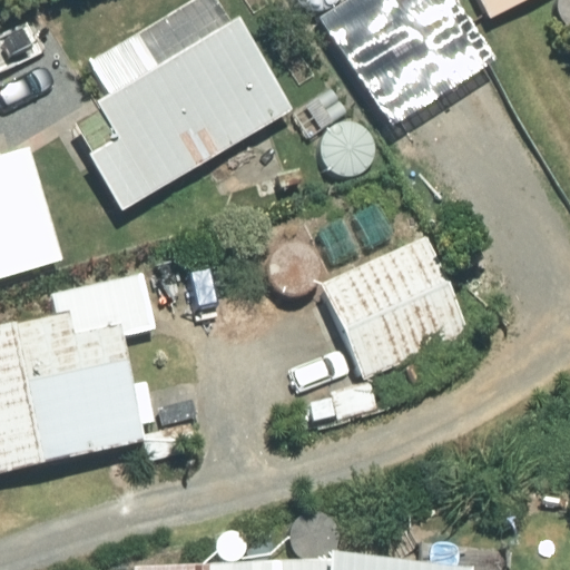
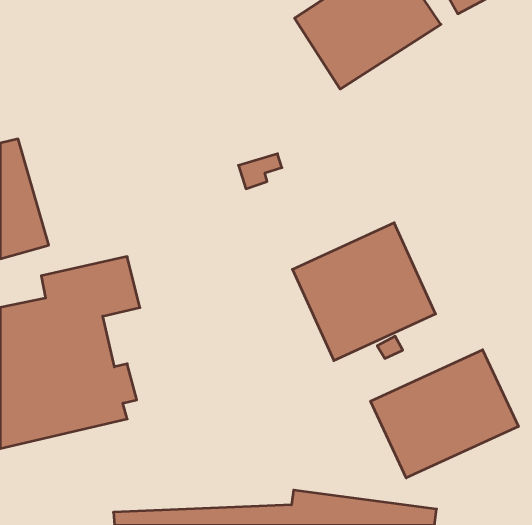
building: [83,16,293,213] -> none
building: none -> [371,350,518,478]

